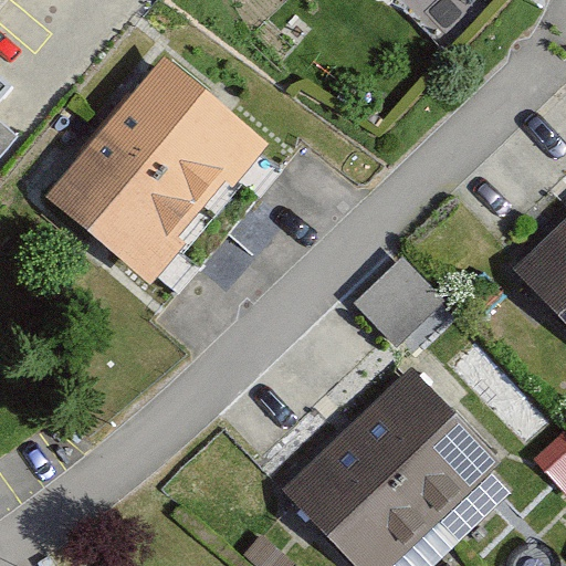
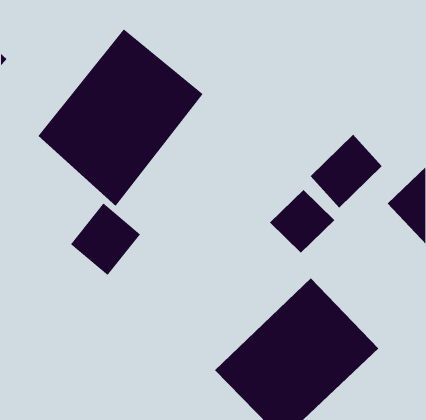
building: none -> [310,134,383,208]
building: none -> [70,203,141,276]

